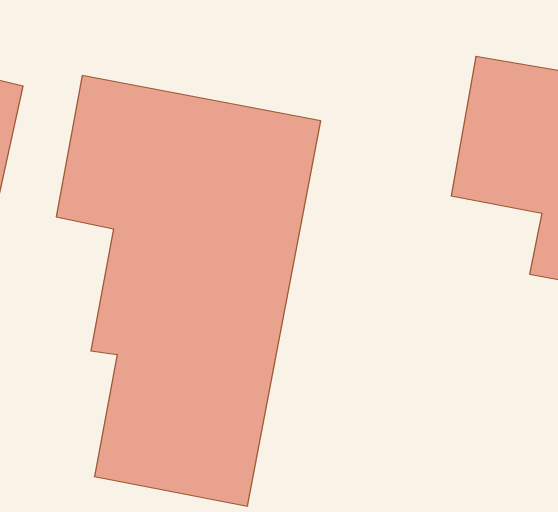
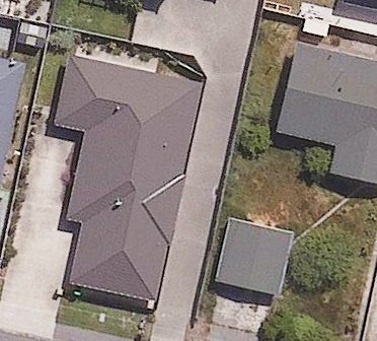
building: none -> [211,217,290,292]

